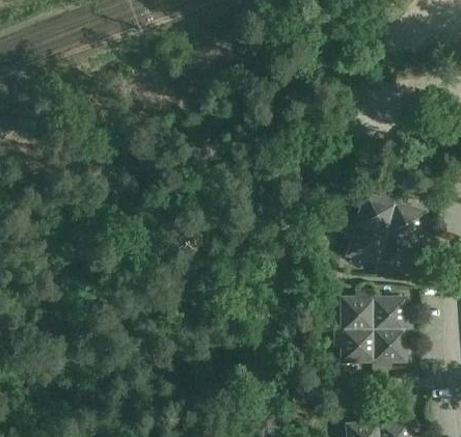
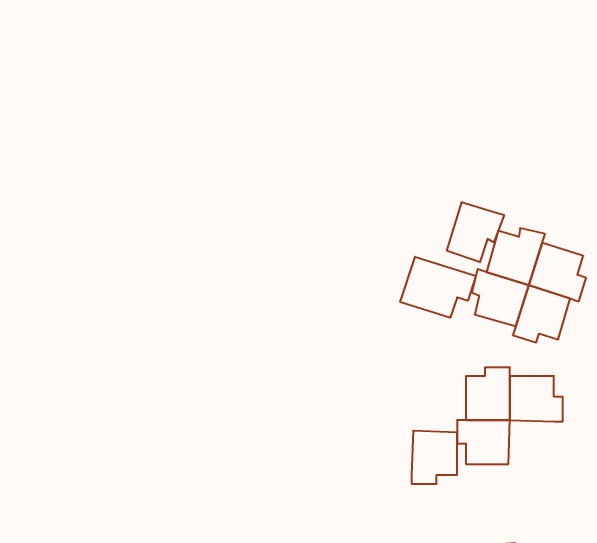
building: none -> [447,202,504,262]
building: none -> [400,257,476,318]
building: [371,330,403,367] -> [412,431,457,484]

